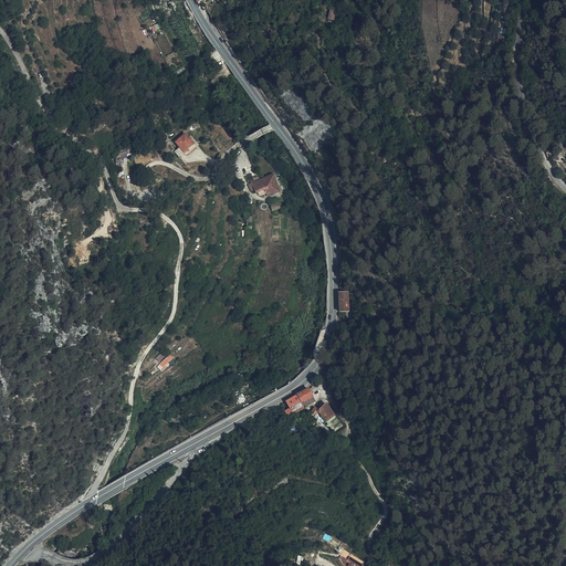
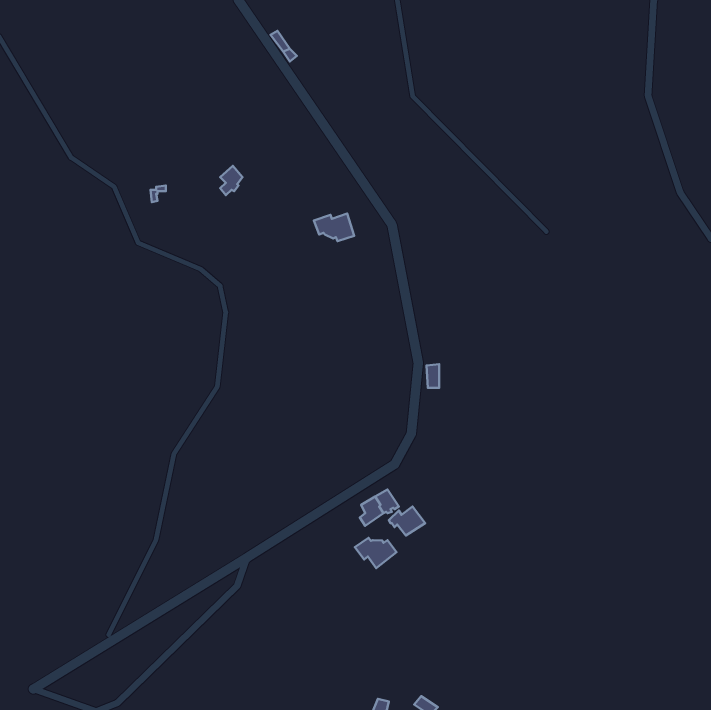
building: none -> [355,538,397,568]

